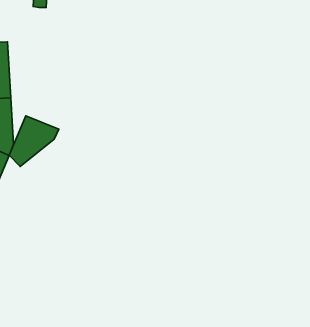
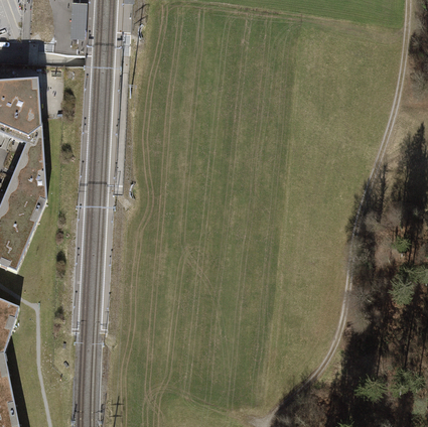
building: [9,116,59,166] -> none

